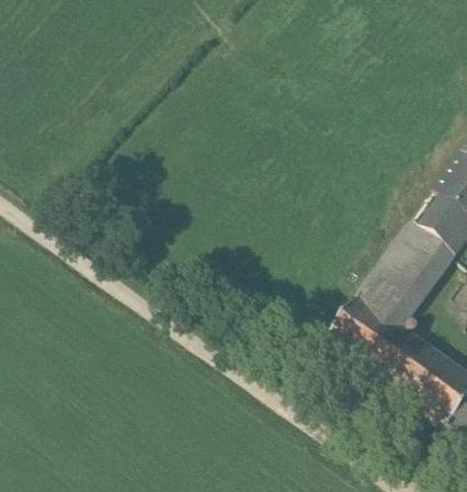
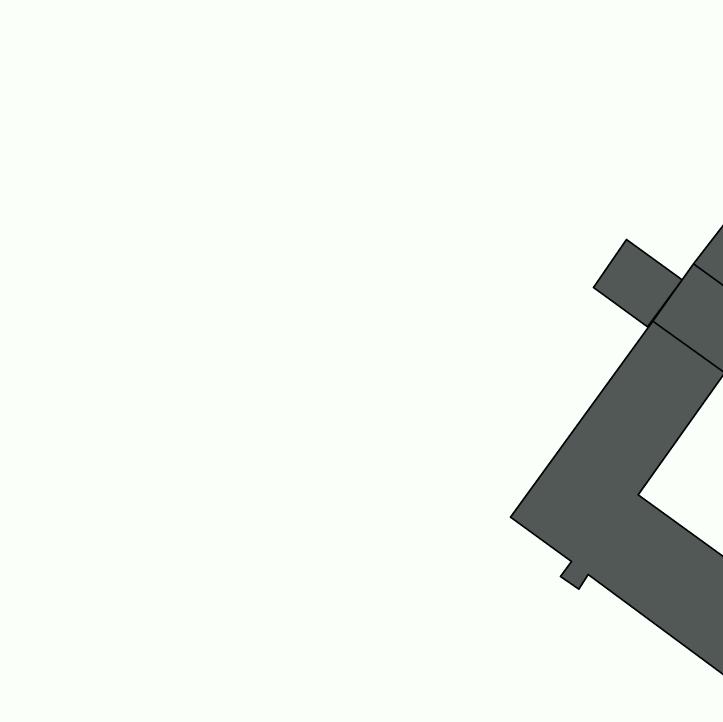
building: none -> [594,240,682,327]

